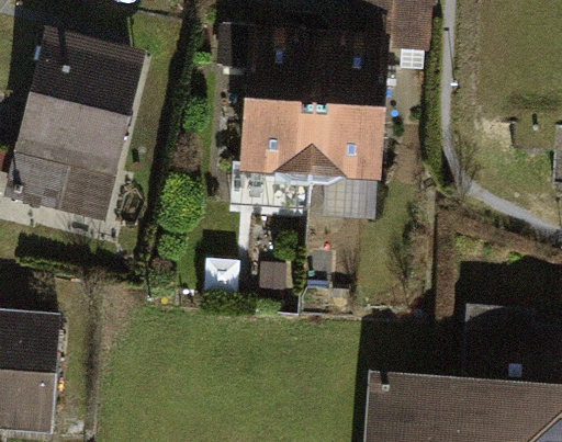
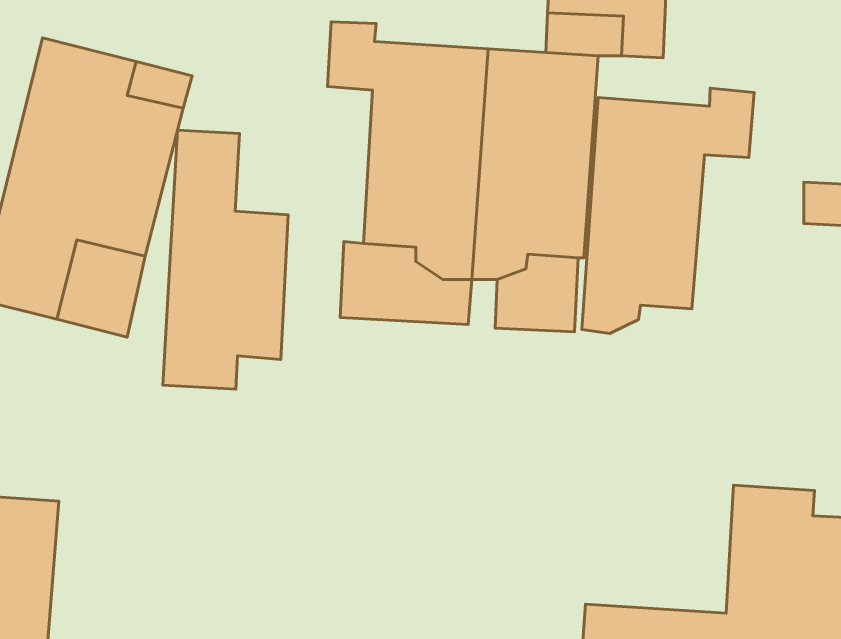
building: none -> [582,88,754,334]
building: none -> [163,130,288,389]

